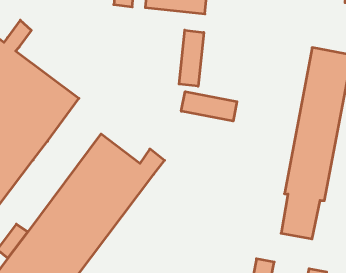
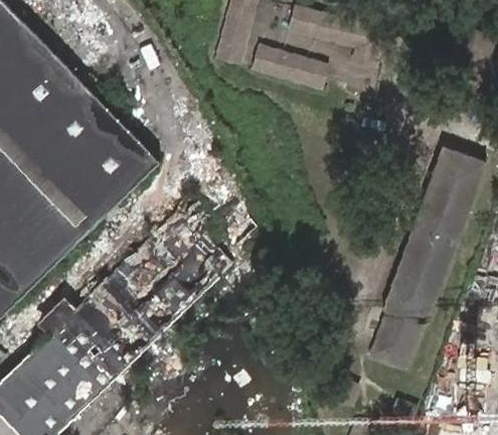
building: [179,30,204,86] -> none
building: [181,92,237,121] -> none

